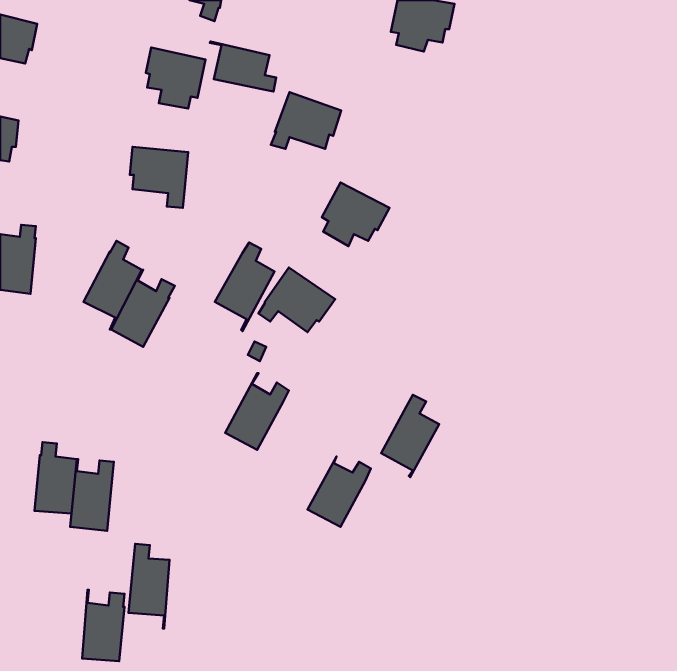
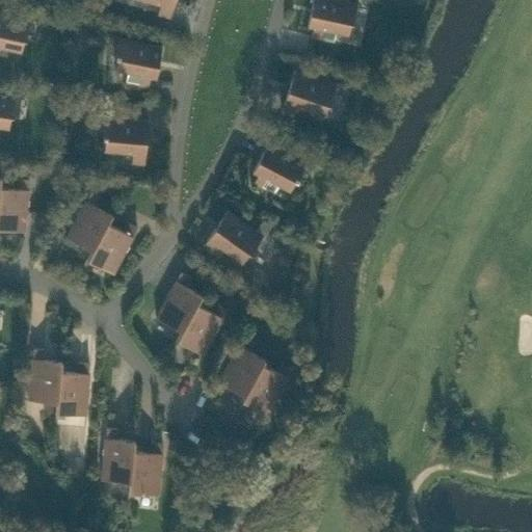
building: [210,42,276,91] -> none
building: [271,92,341,149] -> [281,74,336,118]
building: [215,242,274,331] -> [155,274,202,344]
building: [381,395,439,477] -> [218,340,264,404]
building: [82,590,125,661] -> [129,444,162,500]

